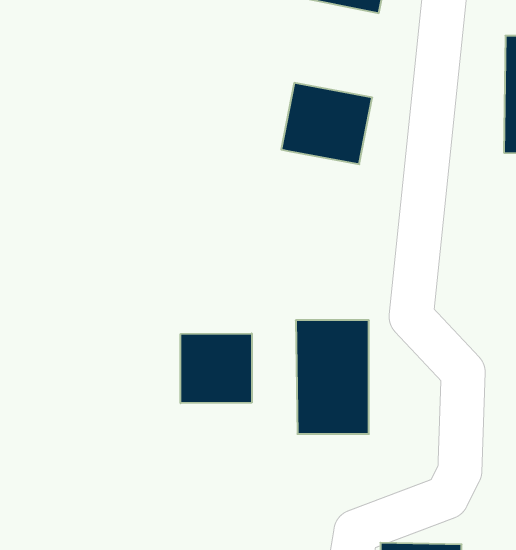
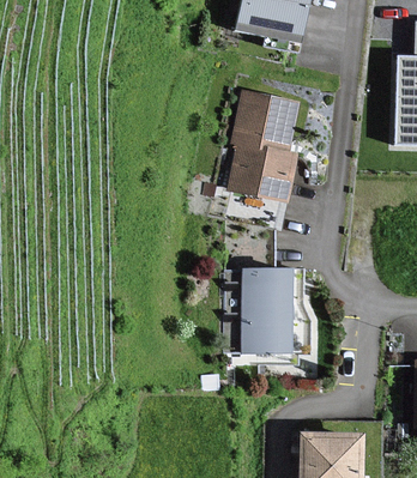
building: none -> [228,144,296,201]
building: [180,333,252,403] -> none

